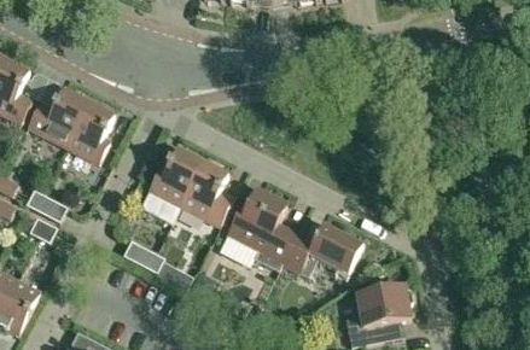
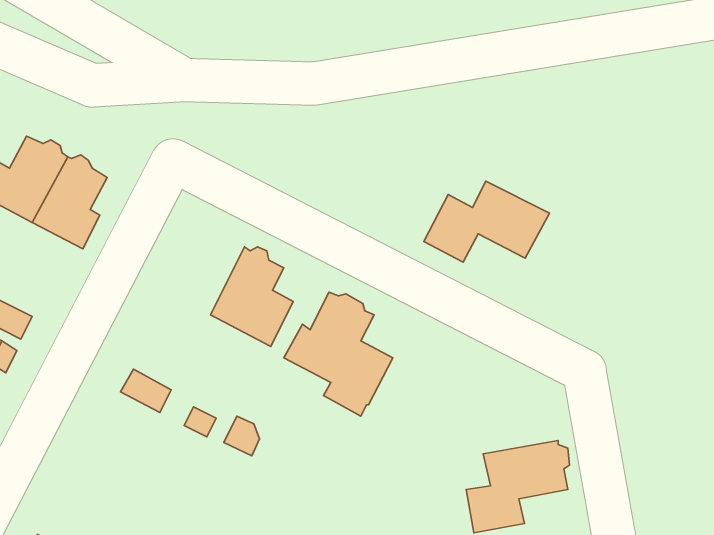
building: [141,150,203,223] -> none
building: [283,226,363,278] -> [424,181,550,262]

